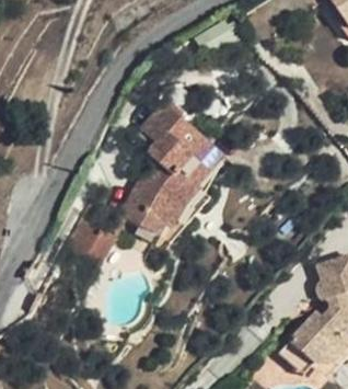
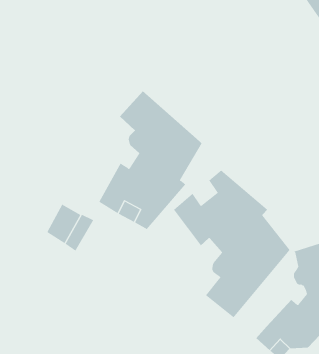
building: none -> [173,170,290,318]

